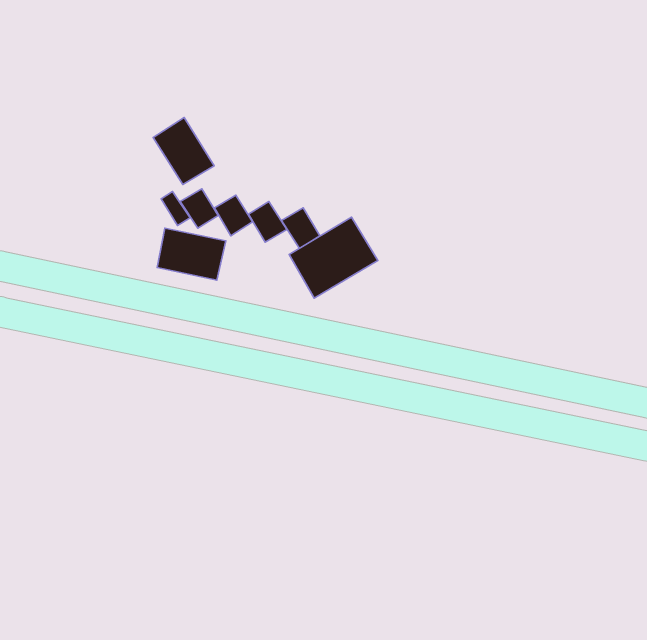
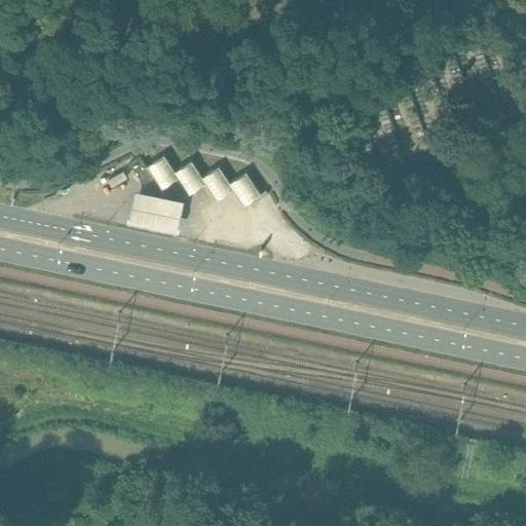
building: [153,117,214,185] -> none
building: [289,217,378,298] -> none

